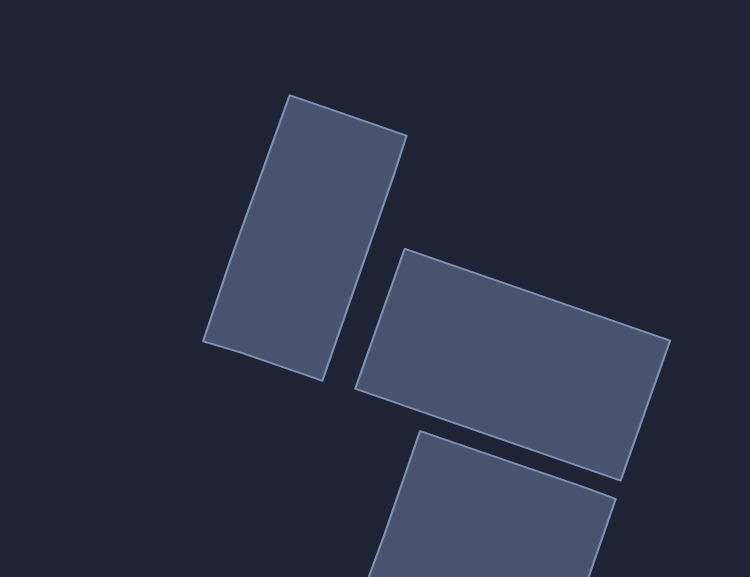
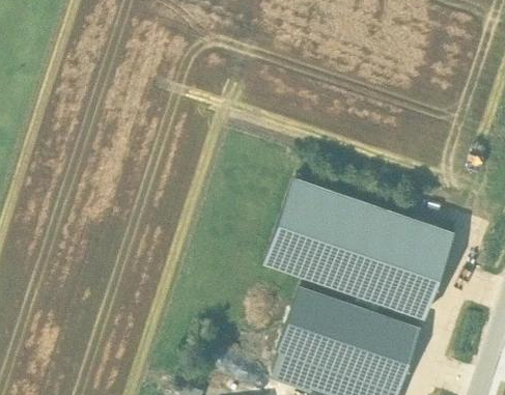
building: [203,95,407,381] -> none

